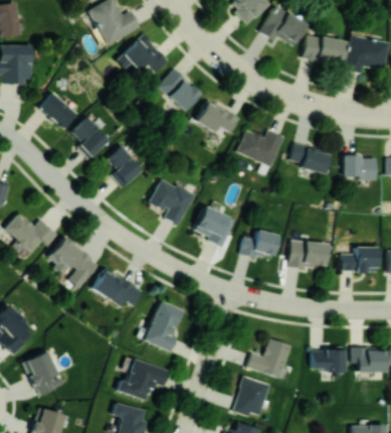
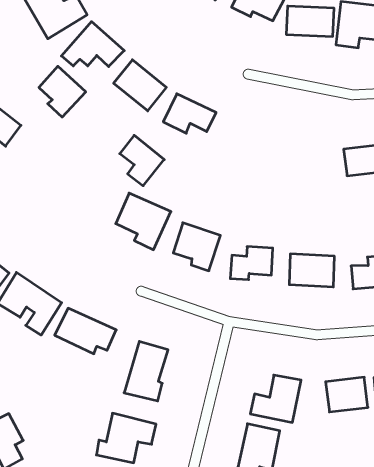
building: [72,116,111,158] -> [39,66,86,117]
building: [238,129,284,166] -> none
building: [290,143,330,173] -> none
building: [108,145,144,187] -> [120,135,164,186]

